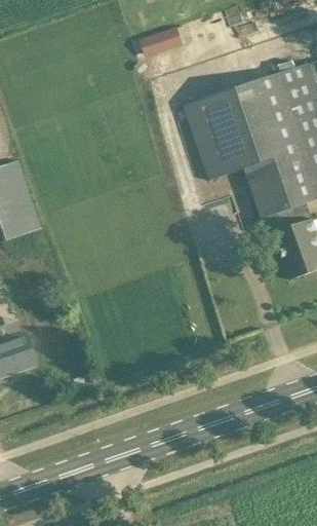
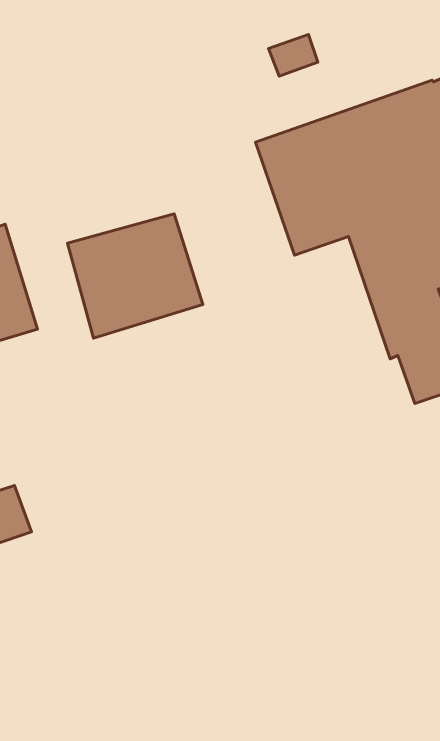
building: [150,26,183,53] -> [268,34,318,76]
building: none -> [68,214,203,338]

